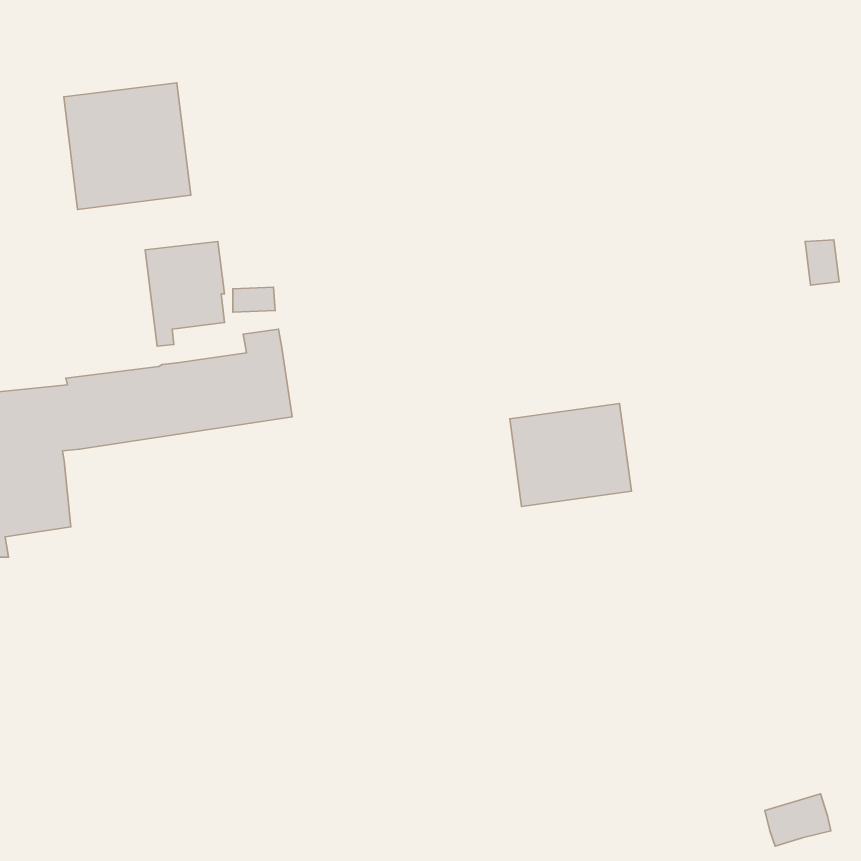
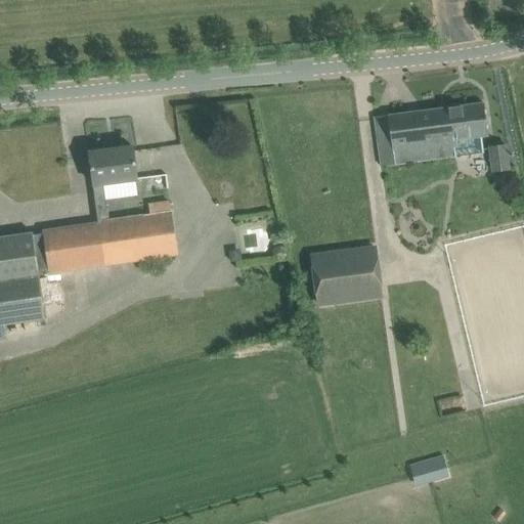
building: [64,83,191,209] -> none
building: none -> [374,102,487,165]
building: [765,794,831,846] -> [408,454,448,486]

